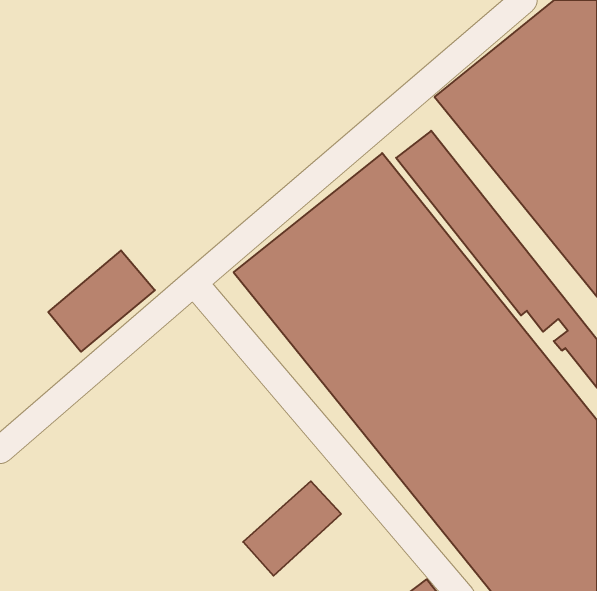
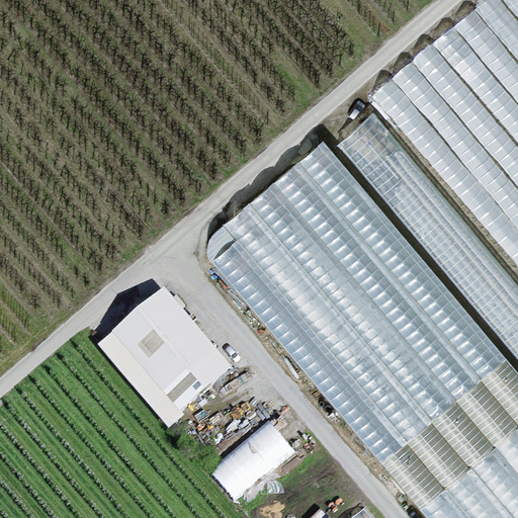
building: [48,250,155,352] -> none
building: none -> [96,293,237,436]

